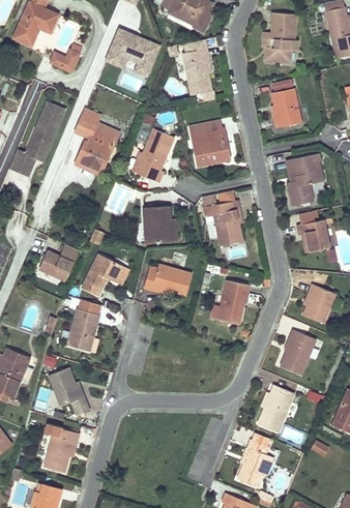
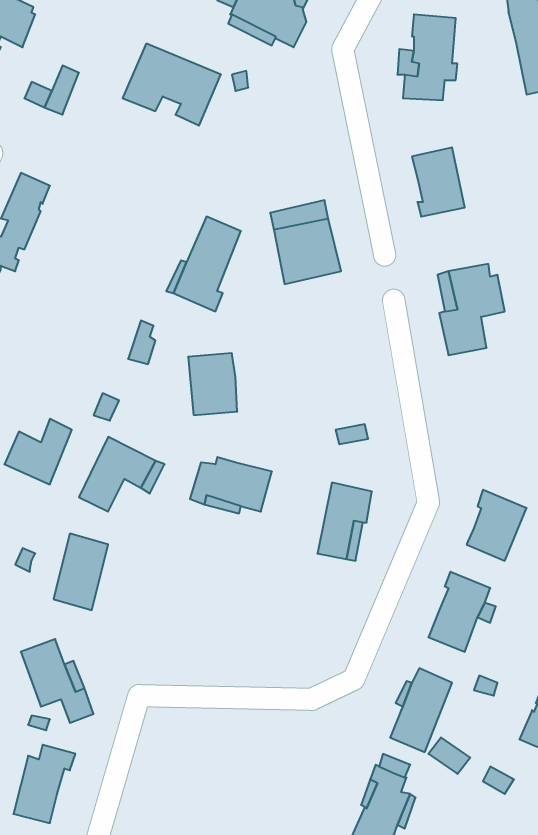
building: [183,39,214,99] -> none
building: [76,108,116,174] -> none
building: [204,199,242,244] -> none
building: [297,219,329,251] -> none

